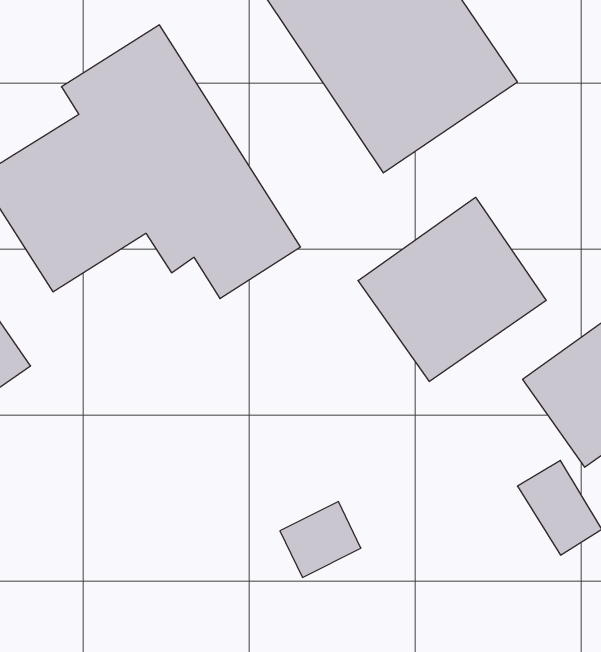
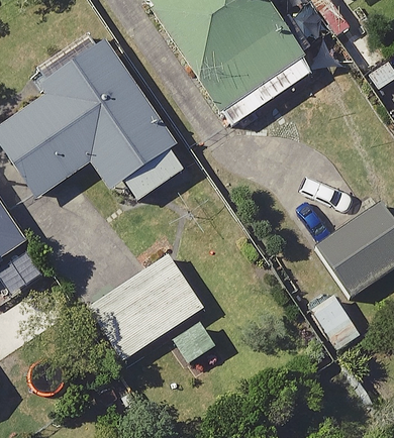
building: [358,197,546,382] -> none
building: none -> [88,251,204,360]

